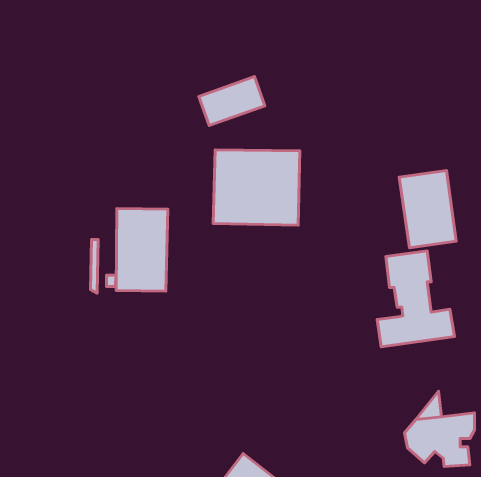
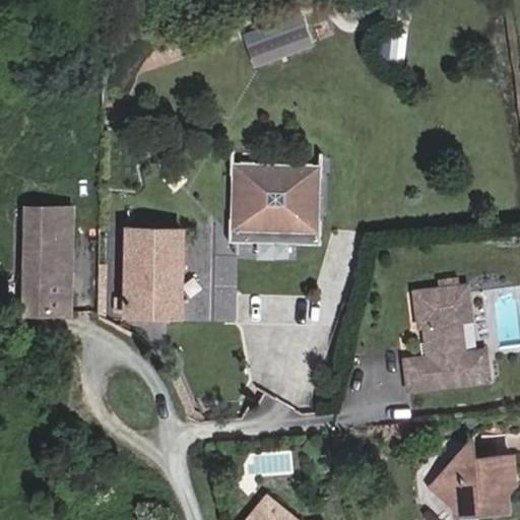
building: [199,77,265,126] -> [246,14,317,67]
building: [399,171,456,248] -> none
building: none -> [7,207,72,316]

